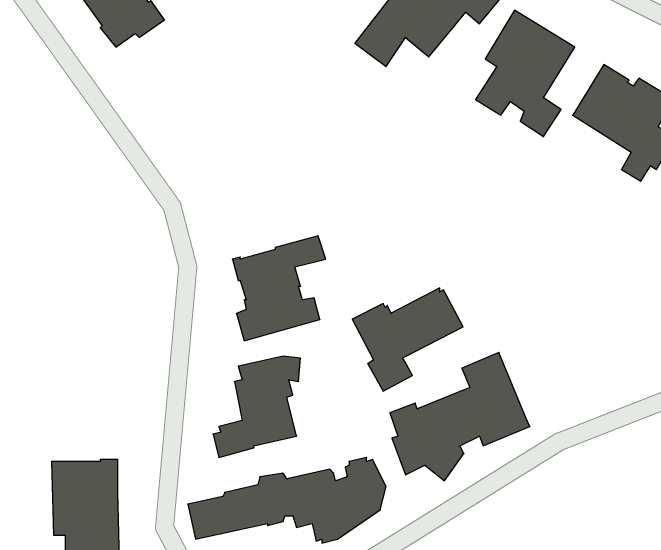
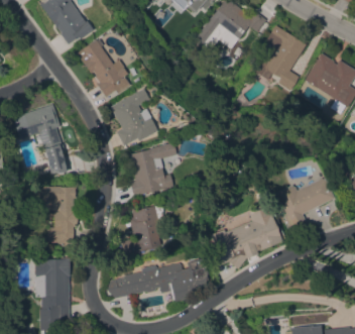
building: none -> [77,39,130,96]
building: none -> [111,88,158,145]
building: none -> [13,104,68,173]
building: [352,288,463,391] -> [276,177,334,230]
building: none -> [40,186,78,245]

